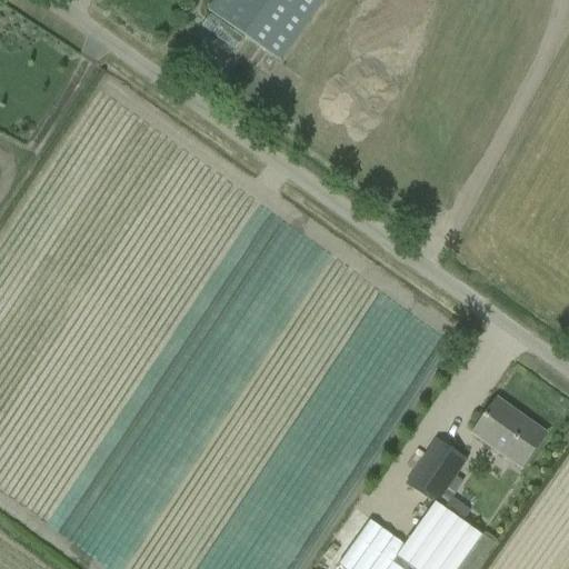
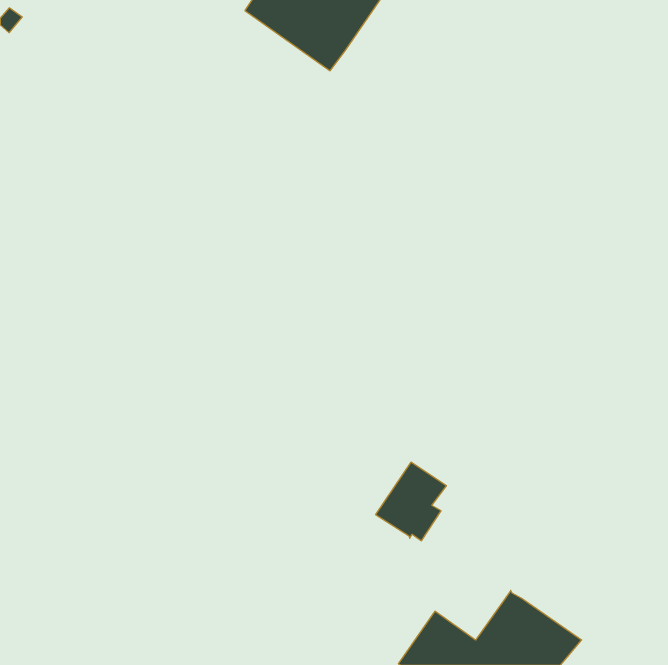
building: [473,402,546,467] -> none
building: [407,439,467,506] -> [376,462,446,541]

